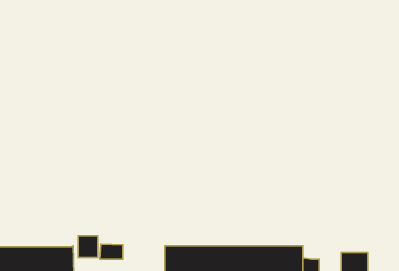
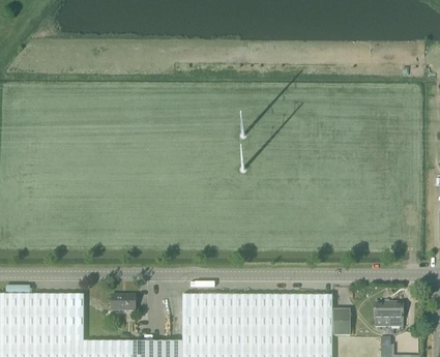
building: [78,236,98,258] -> none

